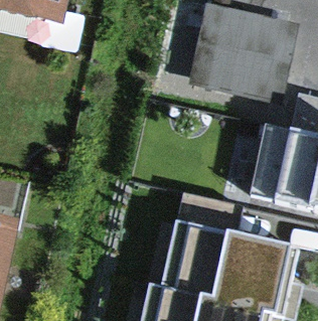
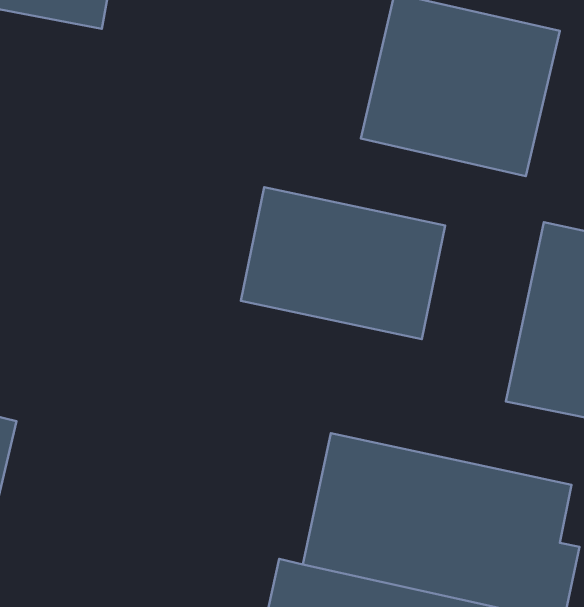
building: none -> [241,187,445,339]

